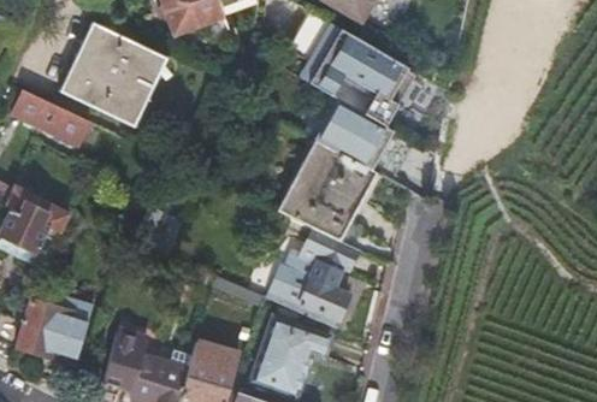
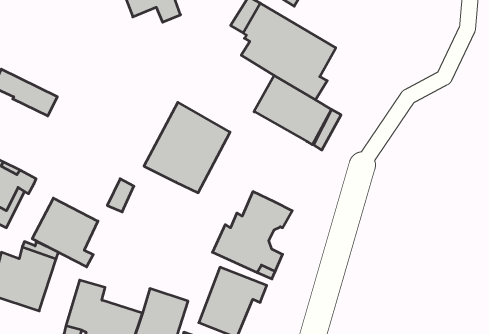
building: [60,22,169,129] -> none
building: [278,140,376,242] -> [144,102,230,193]
building: none -> [32,198,98,267]

